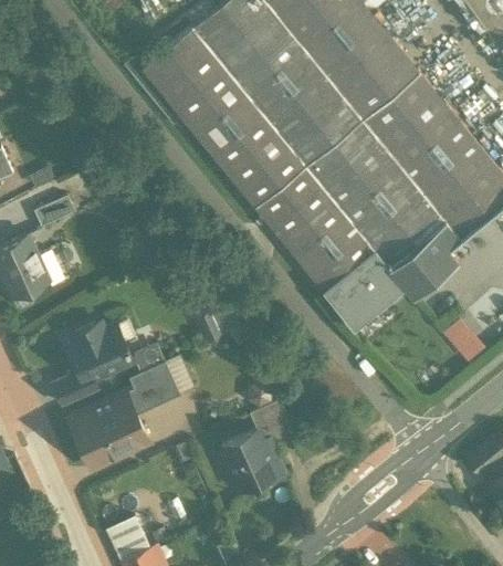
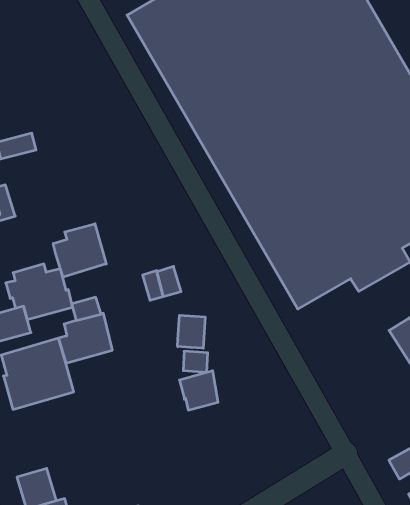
building: none -> [53,224,106,277]
building: none -> [178,315,205,348]
building: [220,430,276,489] -> none

